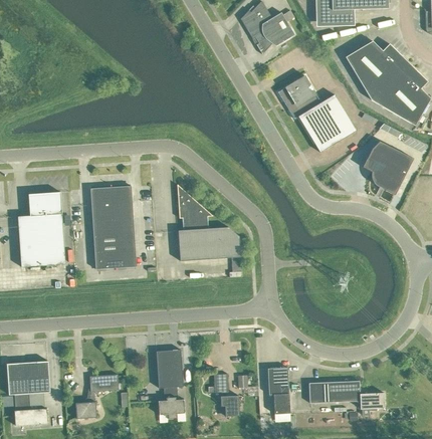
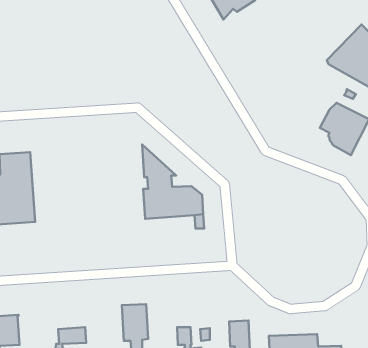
building: [345,40,405,96] -> none
building: [277,75,356,152] -> none
building: [90,186,136,269] -> none

